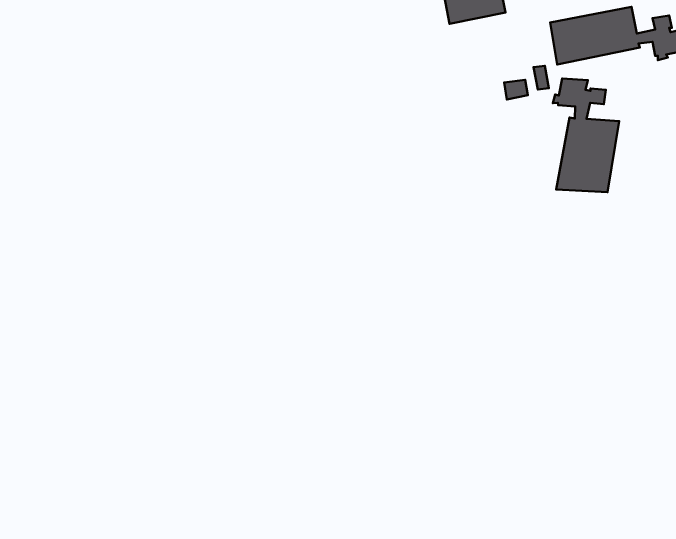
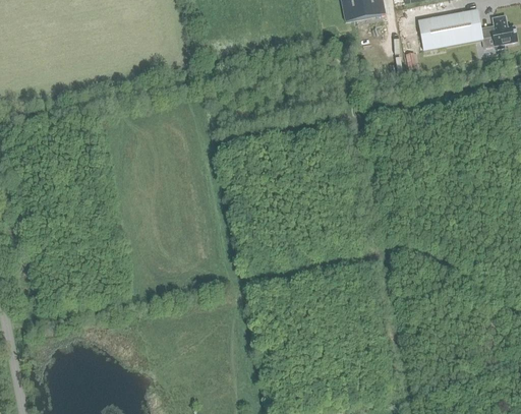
building: [553,78,619,192] -> none

